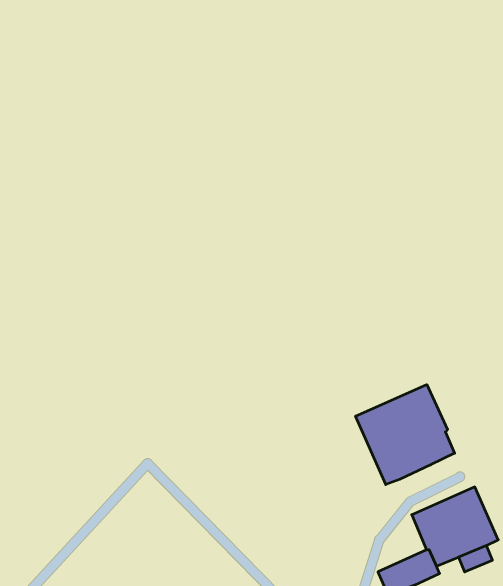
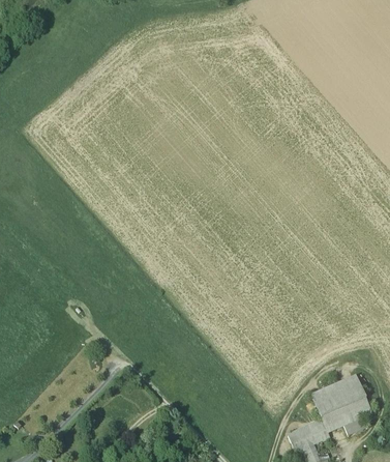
building: [356,385,455,485] -> none

